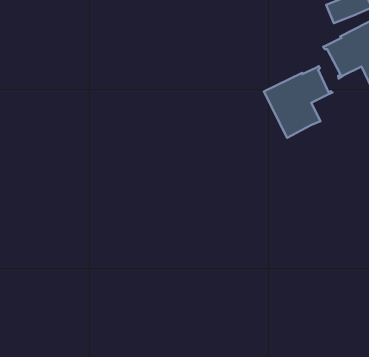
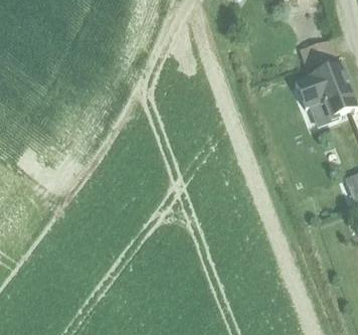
building: [264,66,333,138] -> none

